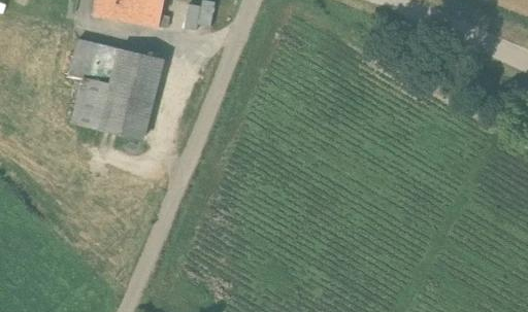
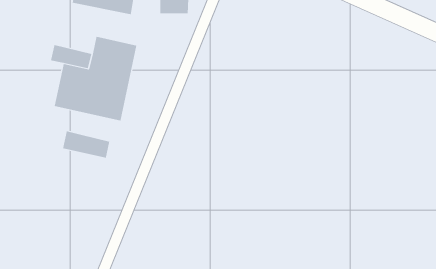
building: [72,39,119,69] -> none
building: none -> [62,131,110,158]

